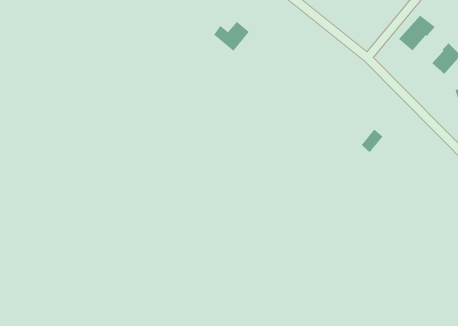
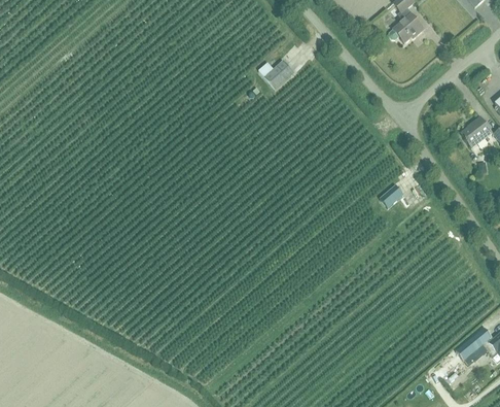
building: [398,15,436,52] -> none

